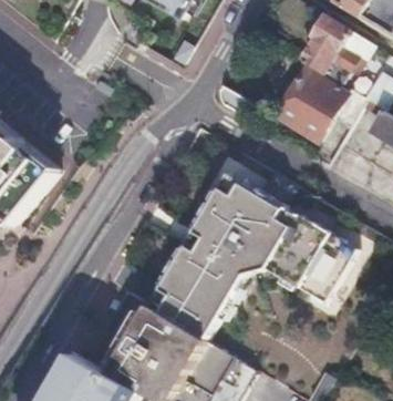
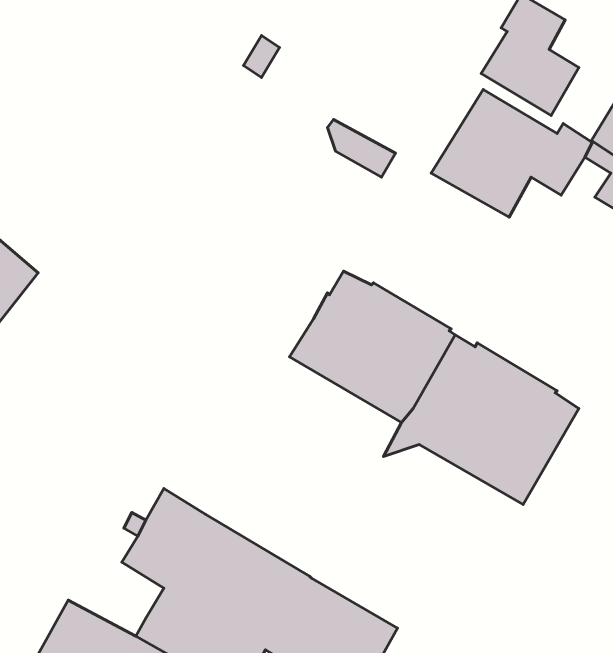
building: [149,217,258,339] -> none

